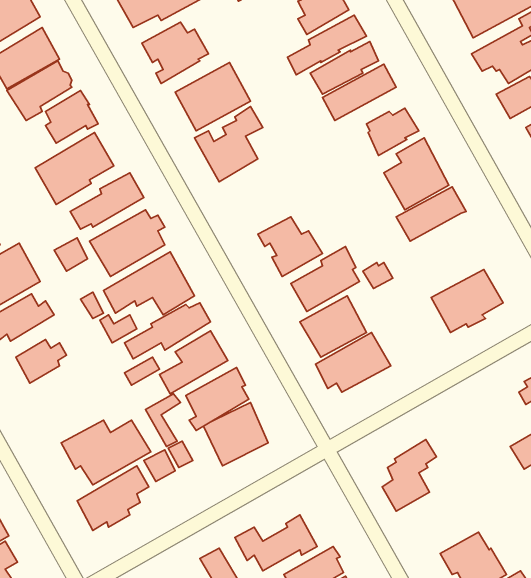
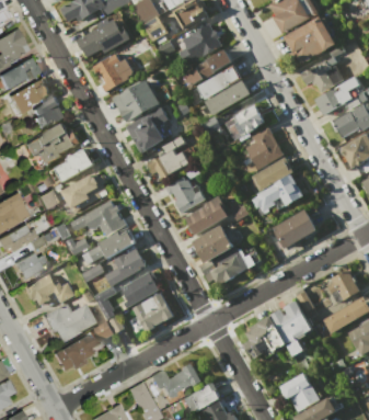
building: none -> [147,135,189,179]
building: none -> [252,173,304,214]
building: none -> [24,272,76,305]
building: none -> [270,299,313,356]

